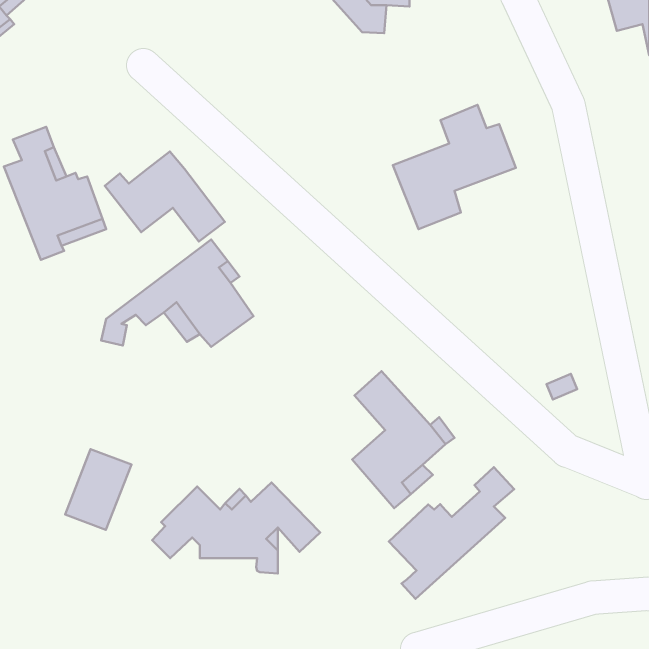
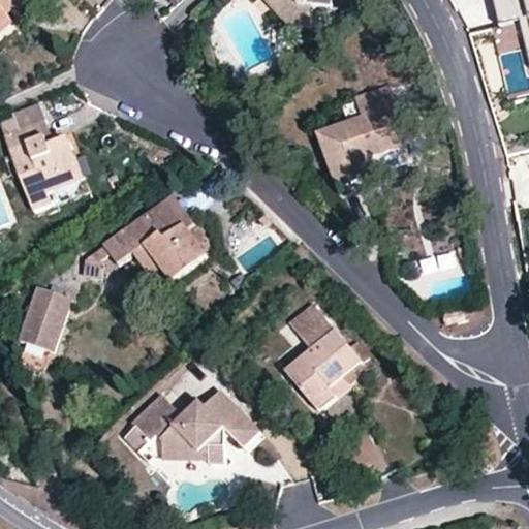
building: [105,152,225,242] -> none
building: [65,449,132,530] -> [15,285,69,350]
building: [389,467,514,599] -> none

